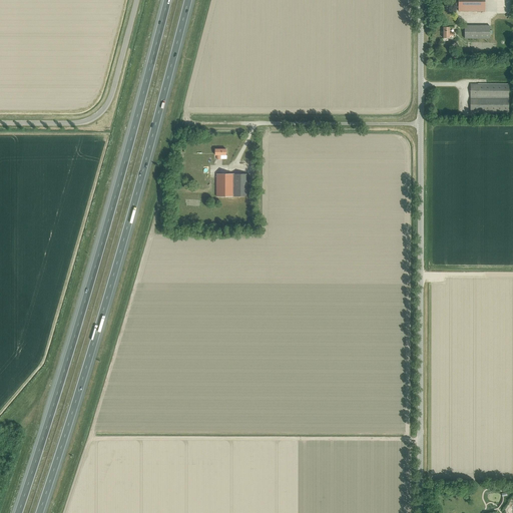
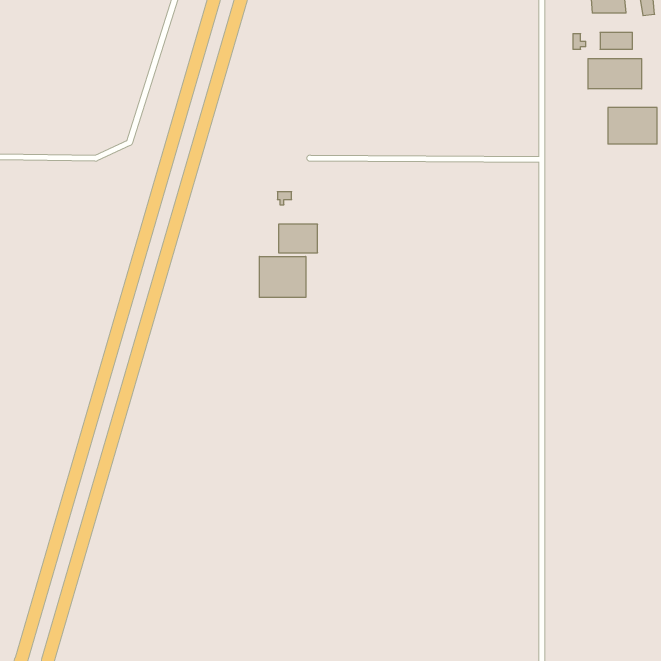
building: none -> [588,59,642,89]
building: none -> [259,256,306,297]

